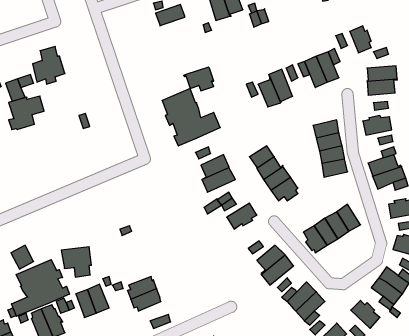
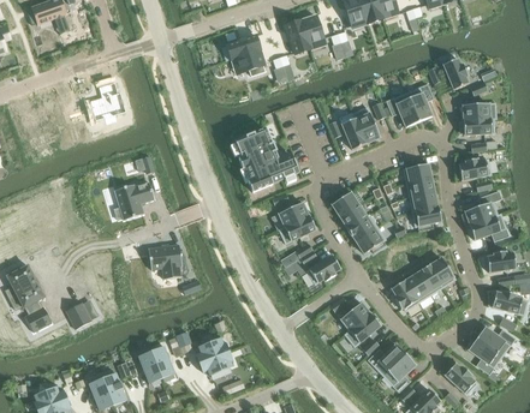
building: [184,67,214,91] -> [232,49,266,76]
building: [9,96,44,130] -> [114,182,154,220]
building: [61,247,91,277] -> [148,245,181,279]
building: [12,260,69,316] -> none

